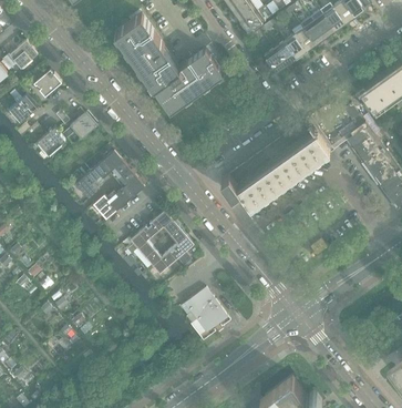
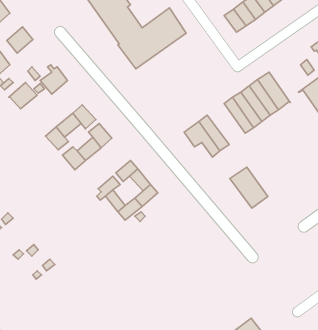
building: [245,151,285,194] -> [230,167,268,208]
building: [184,288,226,333] -> none

